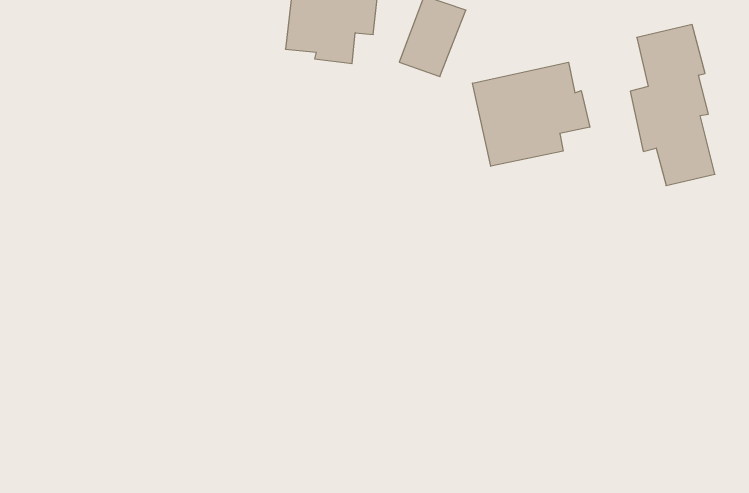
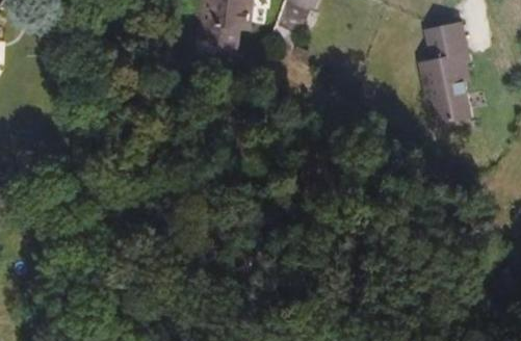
building: [473,62,590,166] -> none

